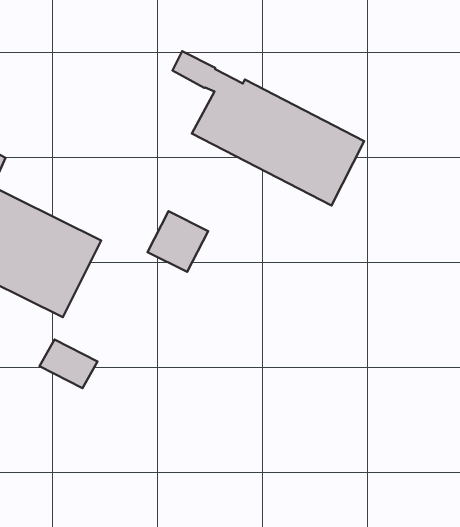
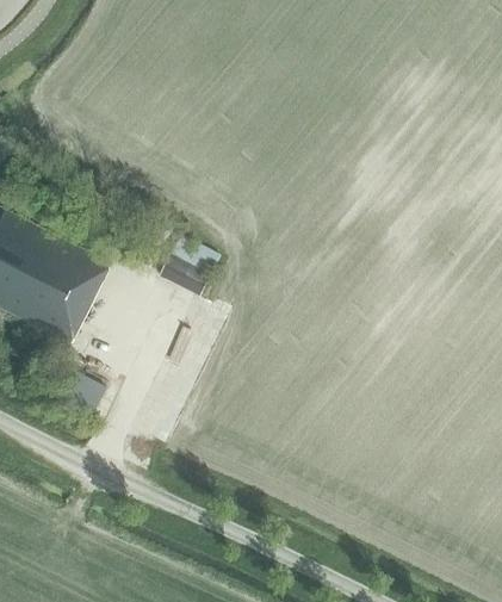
building: [172,51,364,205] -> none

